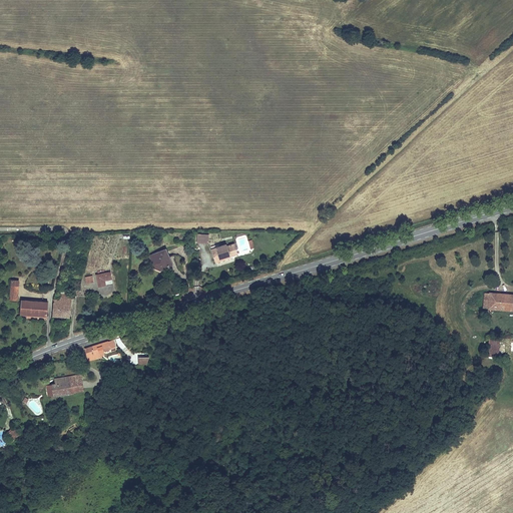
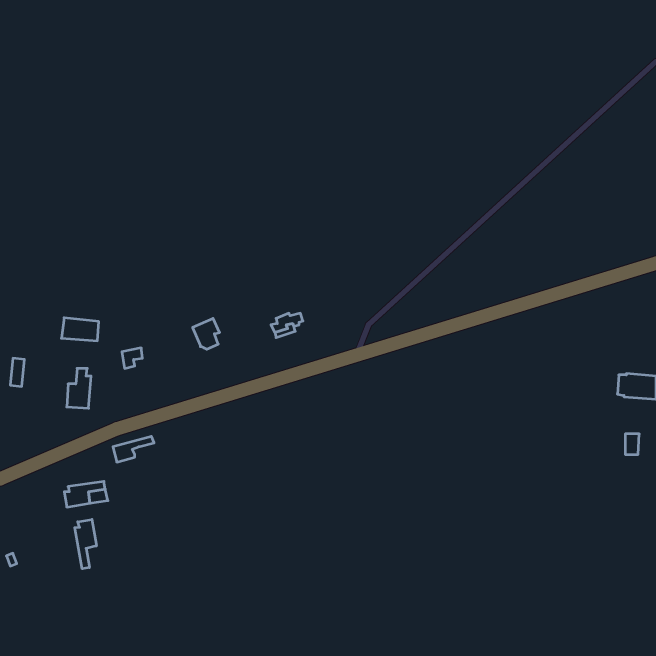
building: [18,300,47,318] -> [61,318,99,341]
building: none -> [75,519,96,569]

